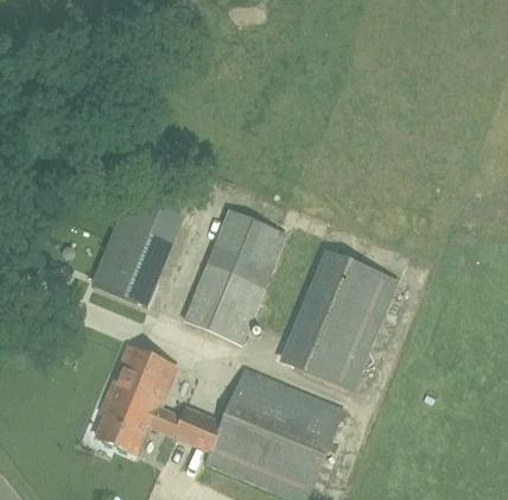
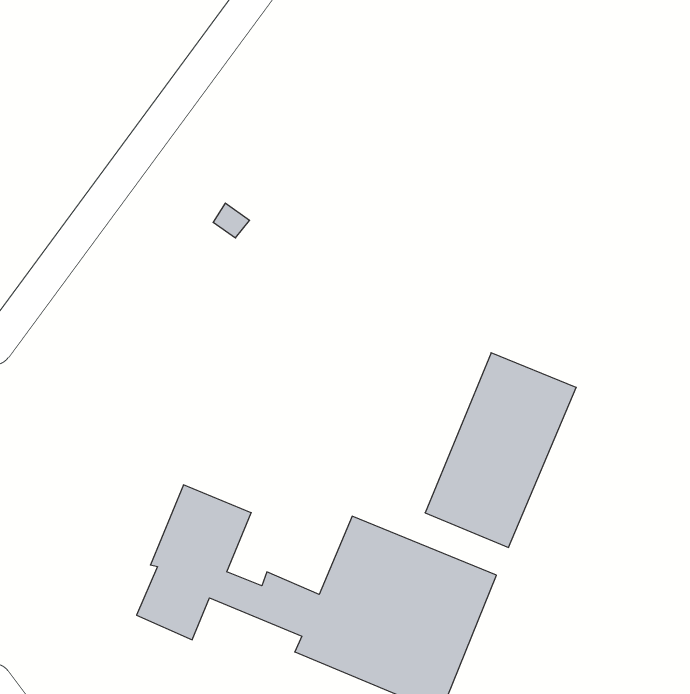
building: [91,195,182,306] -> none
building: [184,210,286,343] -> none

